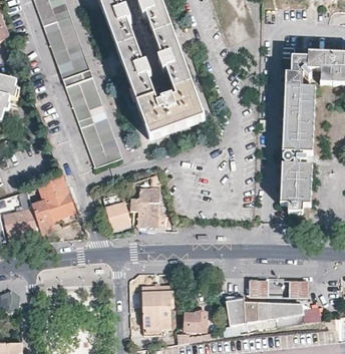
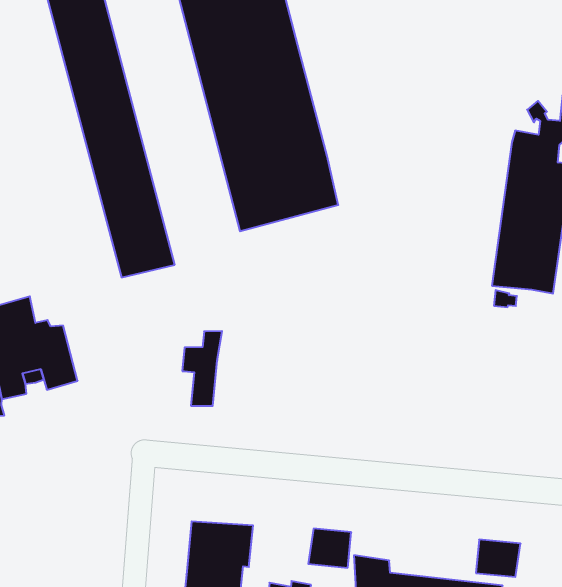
building: [281,164,313,210] -> none
building: [147,189,165,231] -> none
building: [102,195,129,230] -> none
building: [248,280,268,298] -> [308,529,351,568]

